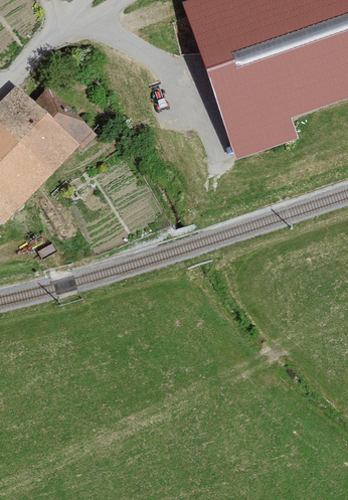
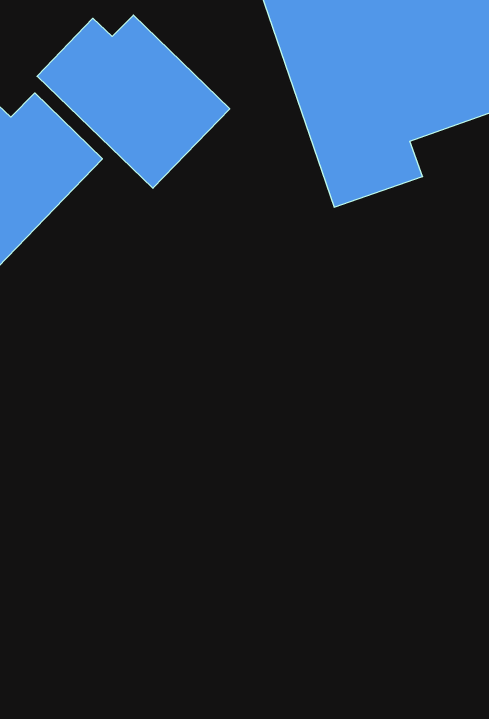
building: none -> [37,15,230,188]

